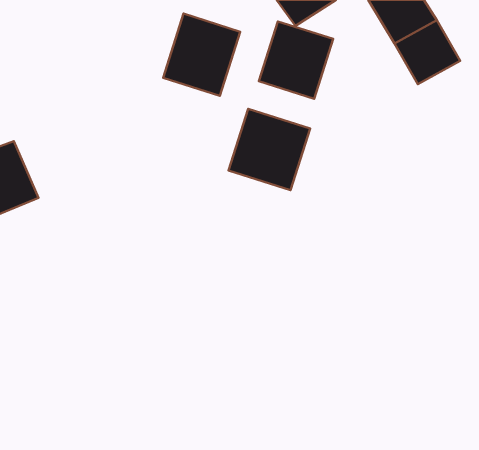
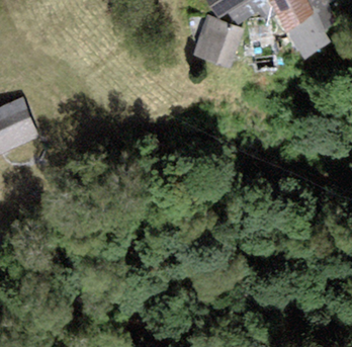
building: [163,14,240,96] -> none
building: [228,109,310,190] -> none

